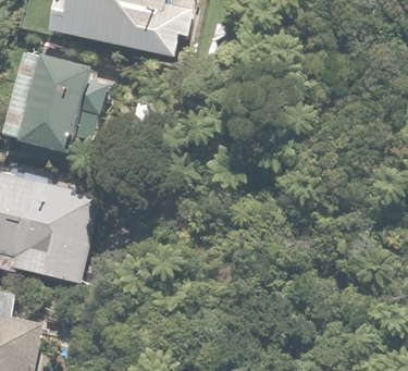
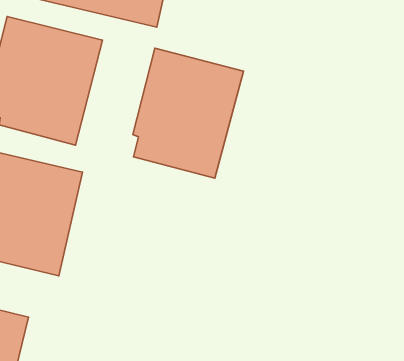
building: none -> [133,48,244,178]

